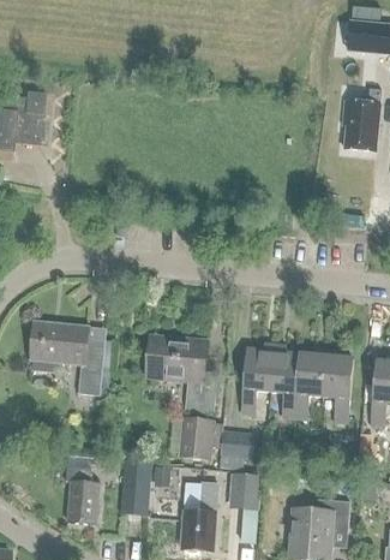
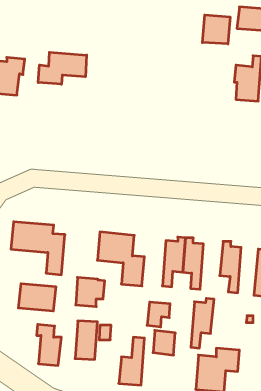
building: none -> [202,15,230,44]
building: none -> [38,52,87,84]
building: [295,347,328,417] -> [191,298,214,348]
building: none -> [18,284,56,311]
building: [181,416,222,457] -> [76,277,105,307]

